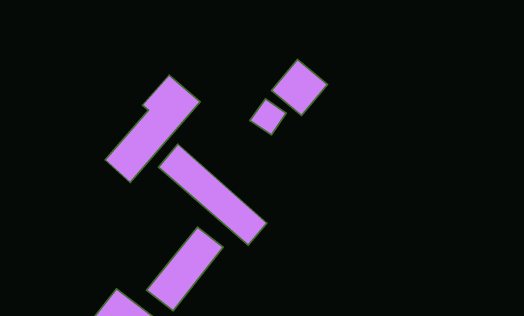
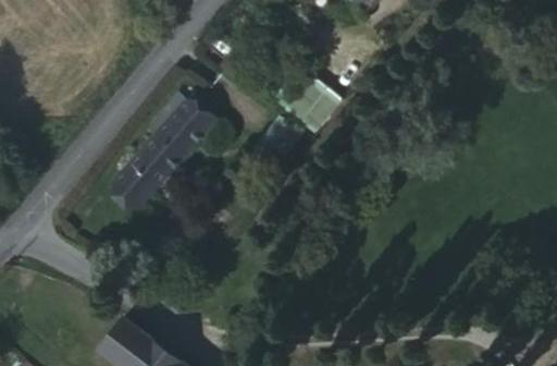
building: [159,144,267,245] -> none
building: [146,227,223,311] -> none

